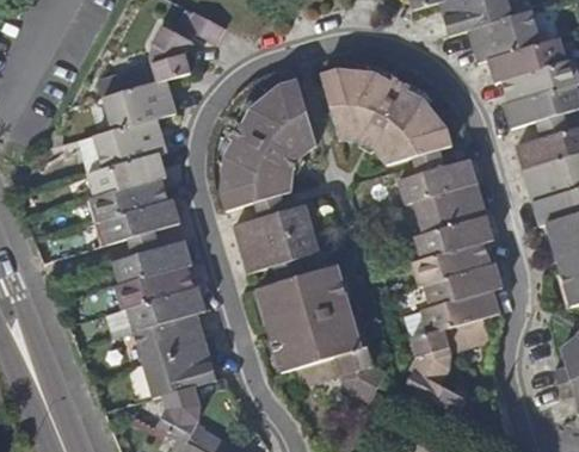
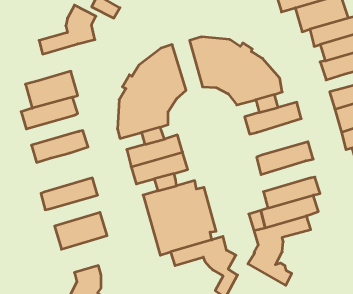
building: [101,79,175,130] -> none
building: [90,178,167,222] -> none
building: [414,182,486,233] -> none
building: [113,240,192,284] -> none
building: [412,241,489,286] -> none
building: [127,286,207,332] -> none
building: [143,345,216,398] -> none

